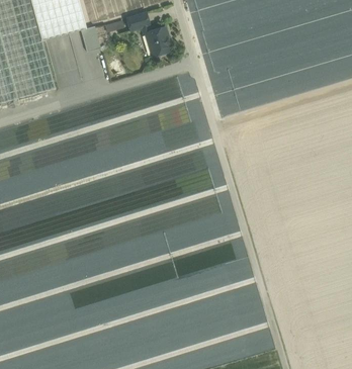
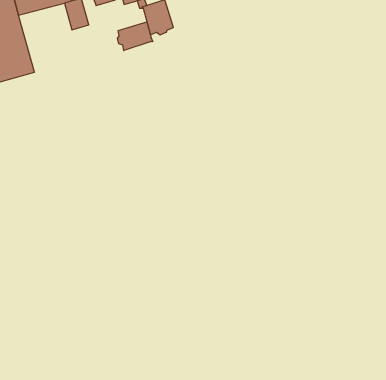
building: none -> [118,22,153,51]

